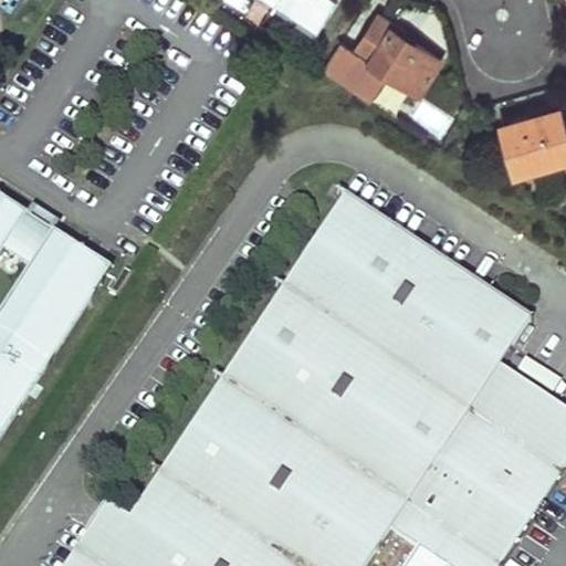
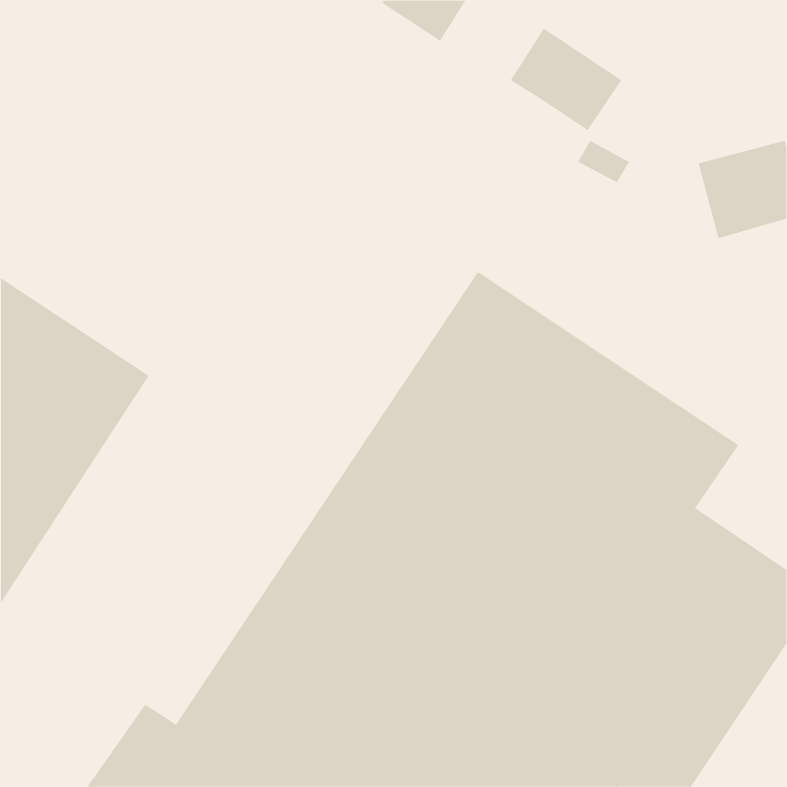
building: [324,9,392,97] -> none

